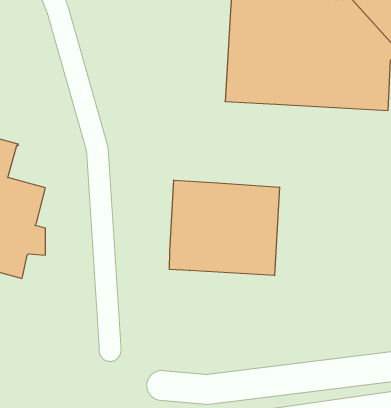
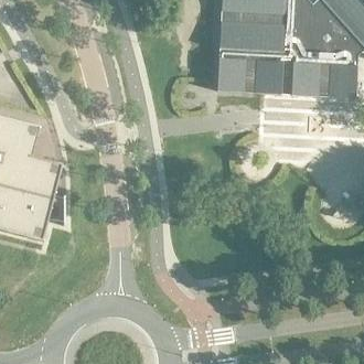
building: [169,180,280,276] -> none

